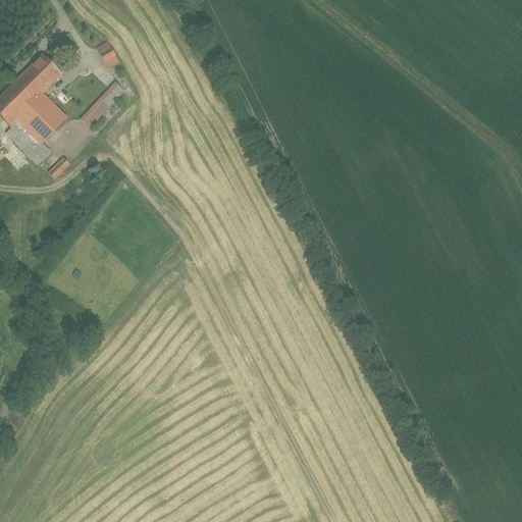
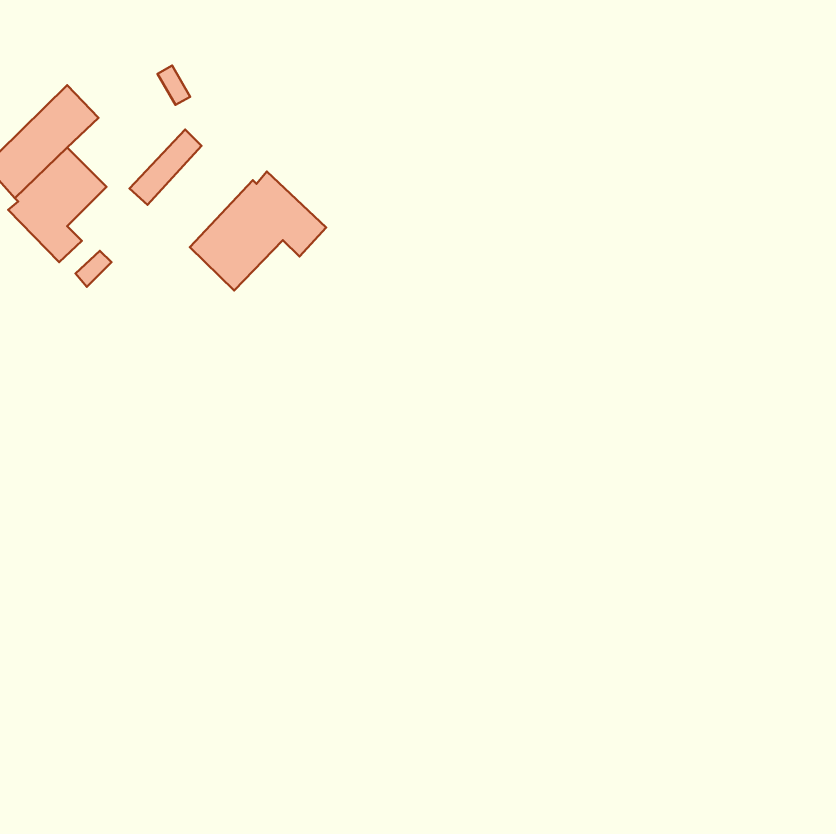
building: none -> [190,172,326,290]

